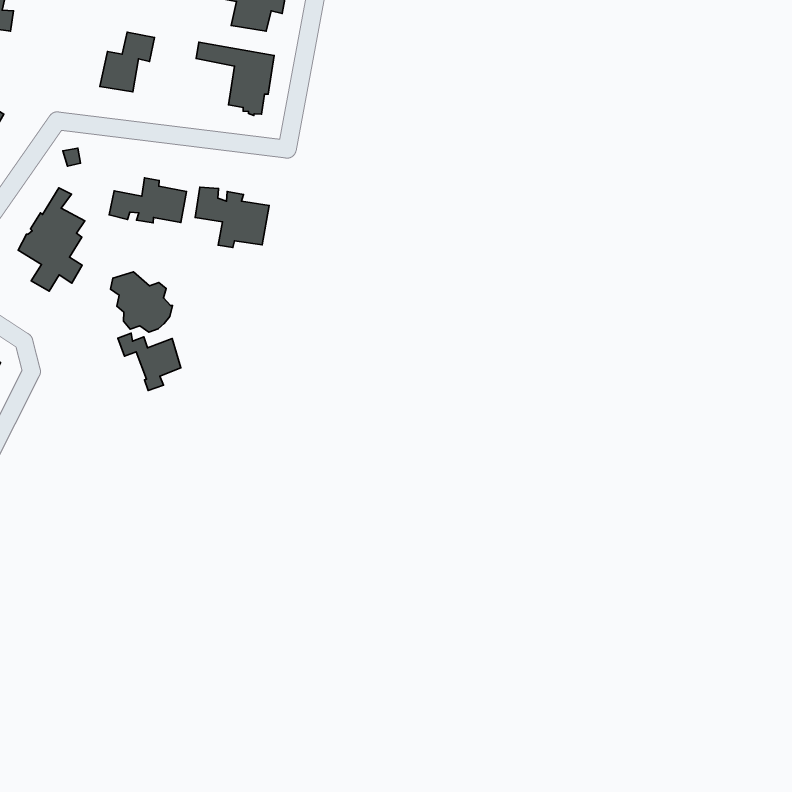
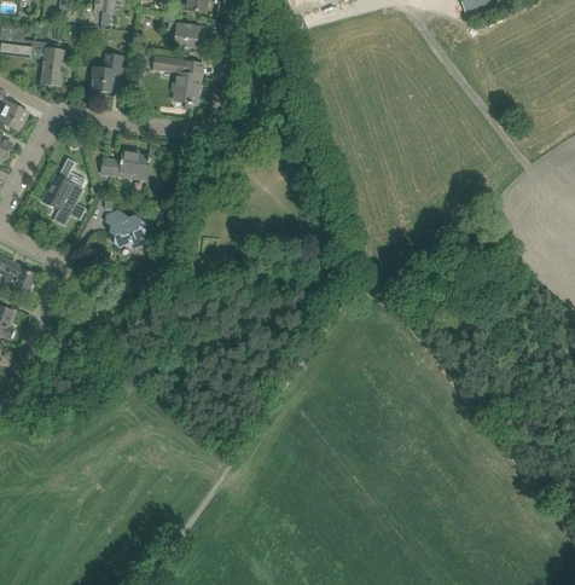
building: none -> [40,42,65,86]
building: [195,187,269,247] -> none
building: [118,333,181,390] -> none

